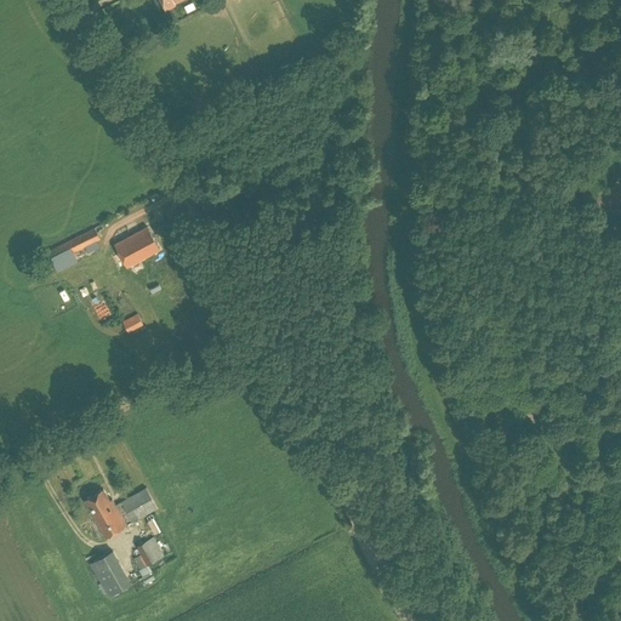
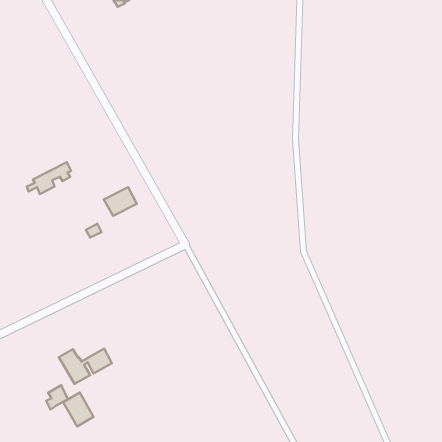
building: [113,228,159,268] -> [104,187,137,216]
building: [132,537,163,571] -> [46,385,68,409]

